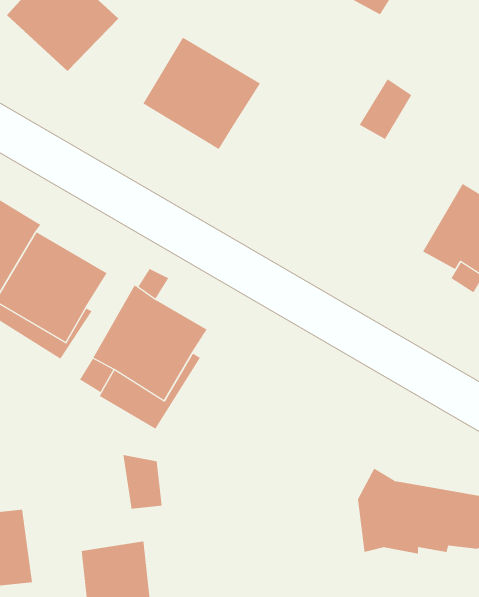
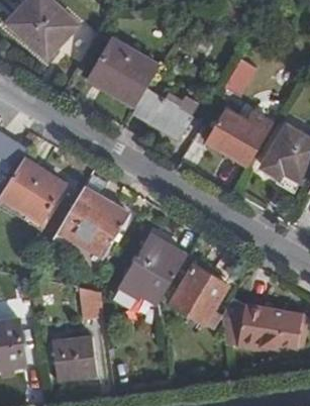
building: none -> [133,90,207,142]
building: none -> [204,106,272,165]
building: none -> [115,231,188,304]
building: none -> [173,266,227,323]

